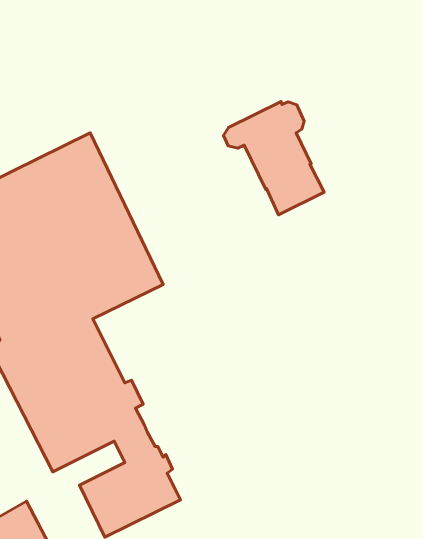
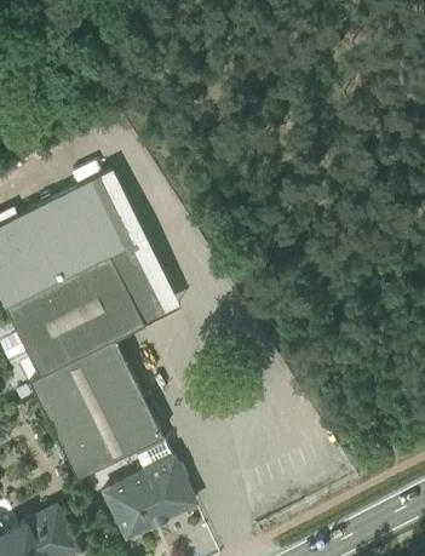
building: [224,101,324,215] -> none

